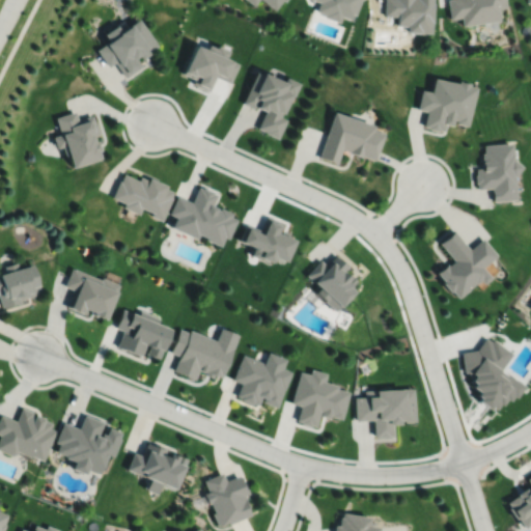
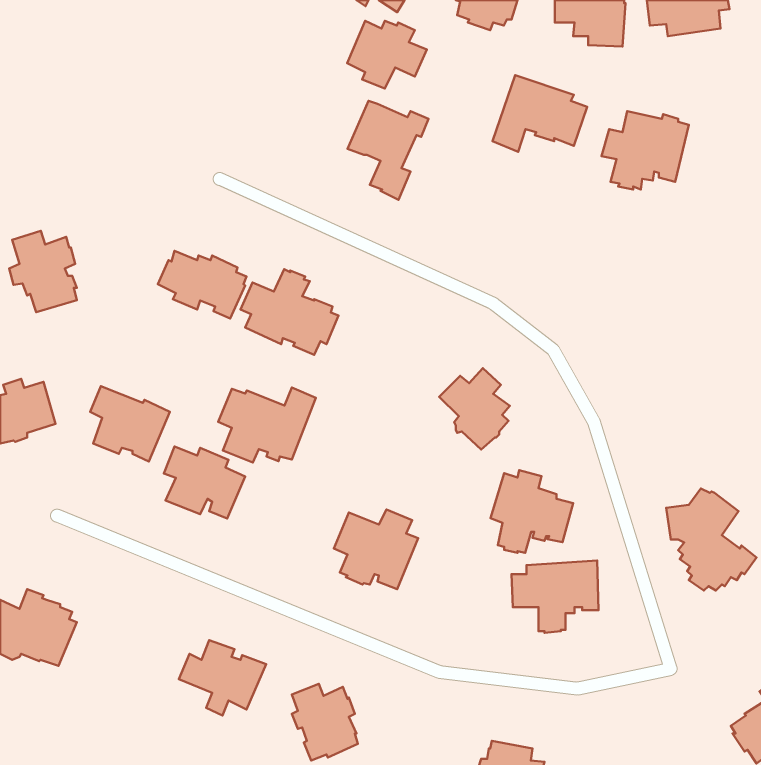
building: [99,20,160,78] -> none
building: [185,46,240,92] -> [347,21,427,89]
building: [56,112,103,168] -> [9,231,77,312]
building: [322,113,387,166] -> [493,75,587,152]
building: [478,145,525,203] -> none
building: [244,221,296,262] -> none
building: [439,232,500,301] -> none
building: [173,329,241,381] -> [218,387,316,463]
building: [295,370,352,427] -> [490,470,573,553]
building: [58,416,122,475] -> none

